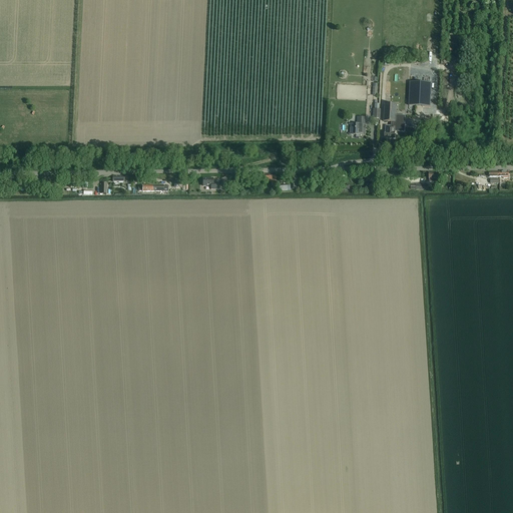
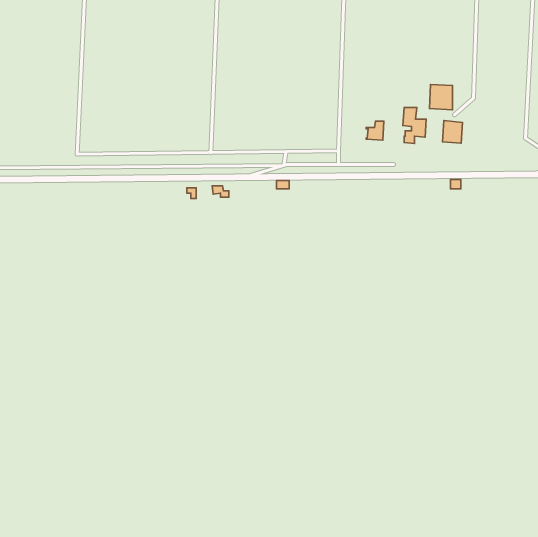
building: none -> [442,121,462,143]

